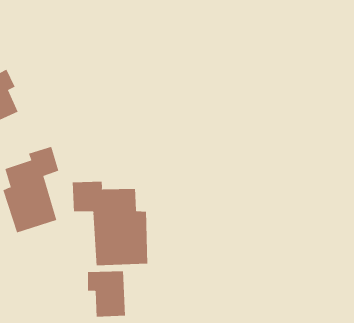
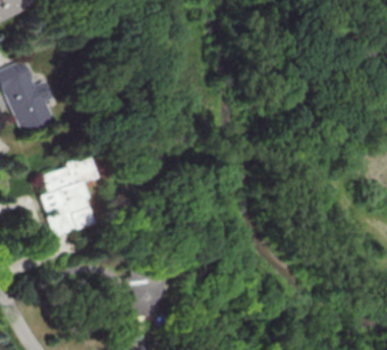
building: [72,181,148,266] -> none

